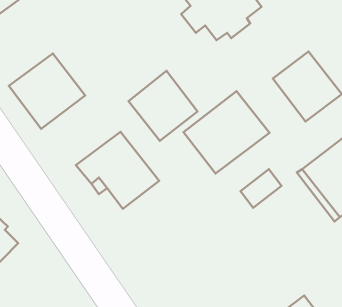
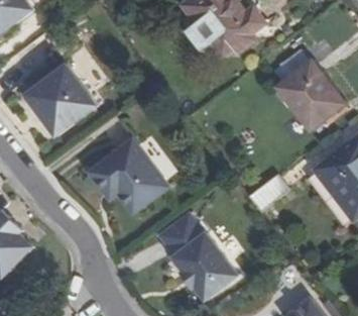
building: [128,71,197,141] -> none
building: [184,91,270,174] -> none
building: none -> [154,212,240,304]

